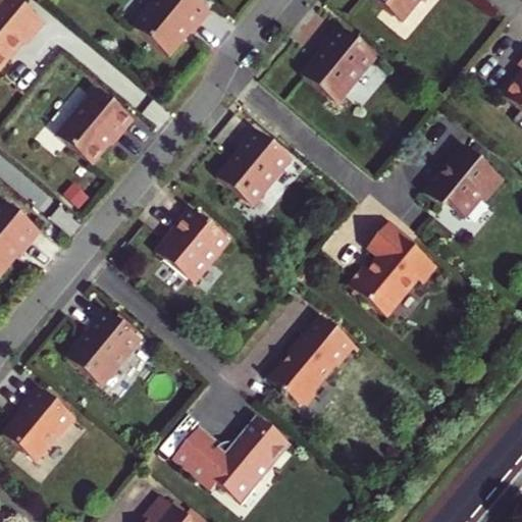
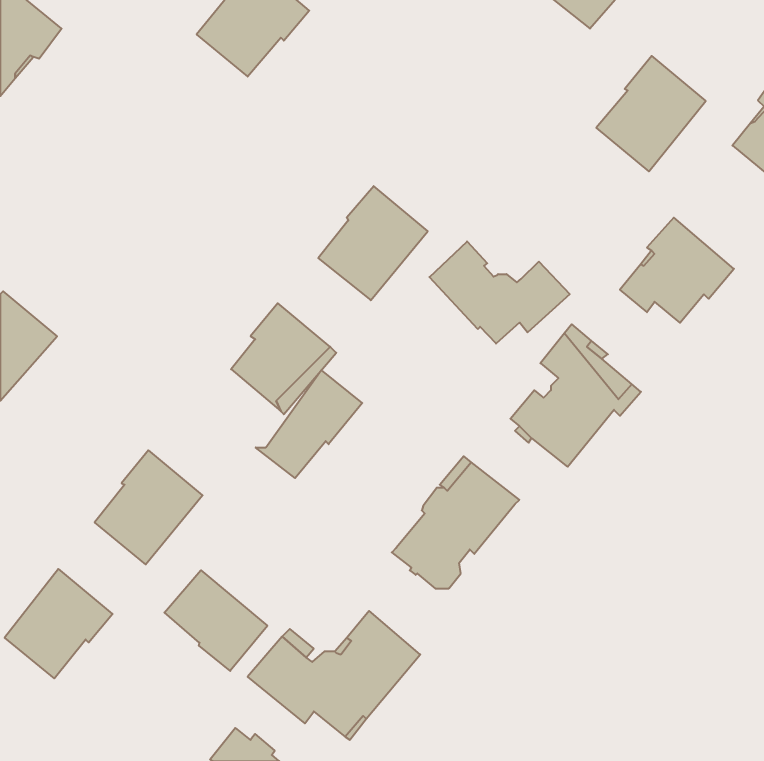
building: [303,23,377,102] -> [596,56,706,171]
building: [58,86,134,162] -> none
building: none -> [429,241,570,344]
building: none -> [256,370,362,478]
building: none -> [164,570,267,671]

